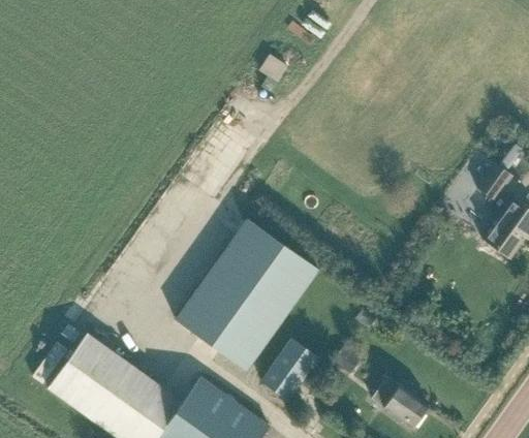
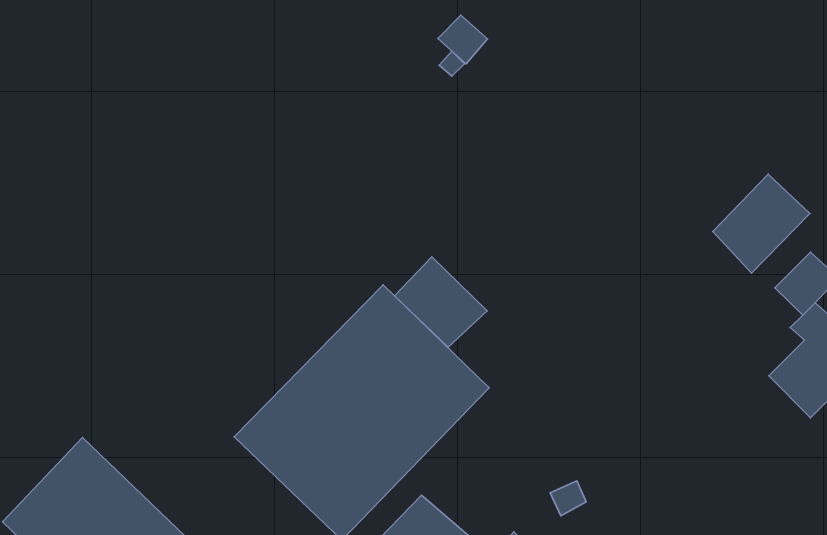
building: none -> [713,174,810,273]
building: none -> [395,257,487,347]

